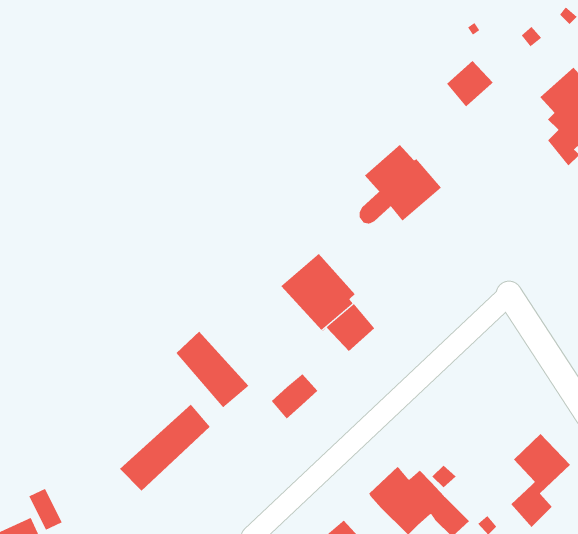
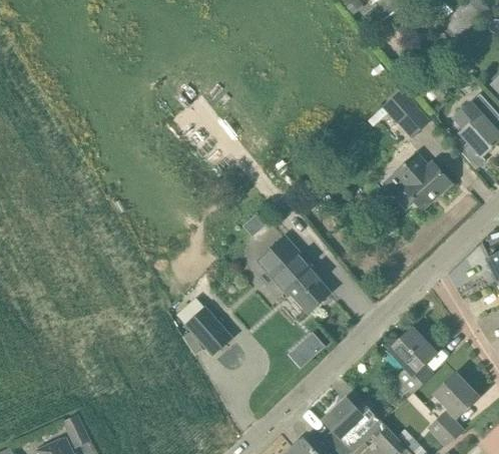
building: [359,144,442,224] -> [388,151,451,212]
building: none -> [388,328,435,397]
building: [271,374,318,420] -> [289,332,325,367]
building: [119,404,210,491] -> none

